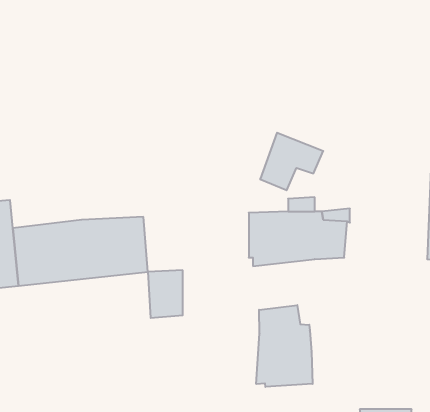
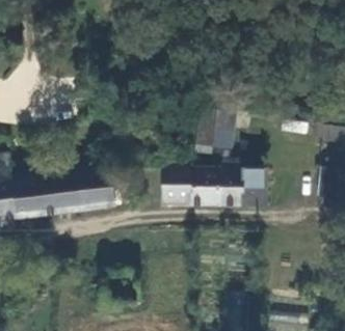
building: [148,270,183,318] -> [160,168,186,203]
building: [256,305,313,387] -> none

